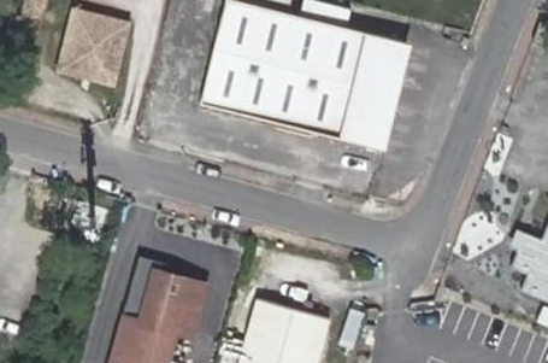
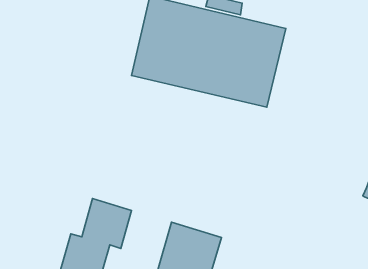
building: [64,13,129,83] -> none

